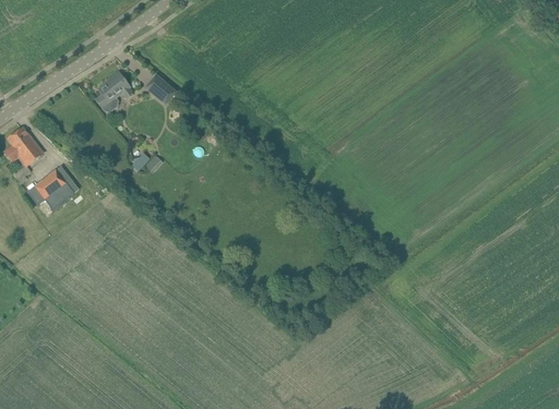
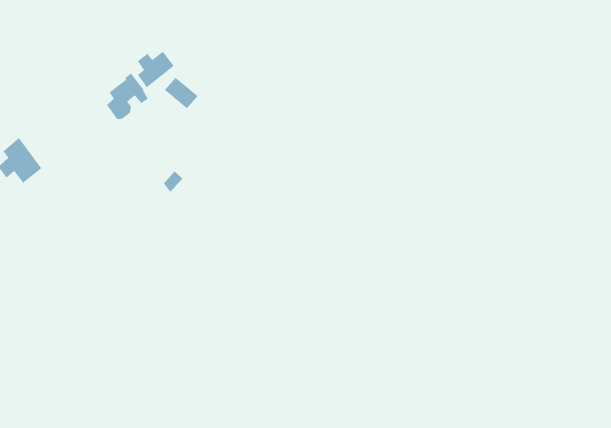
building: none -> [137,51,174,88]
building: [27,165,80,209] -> none

